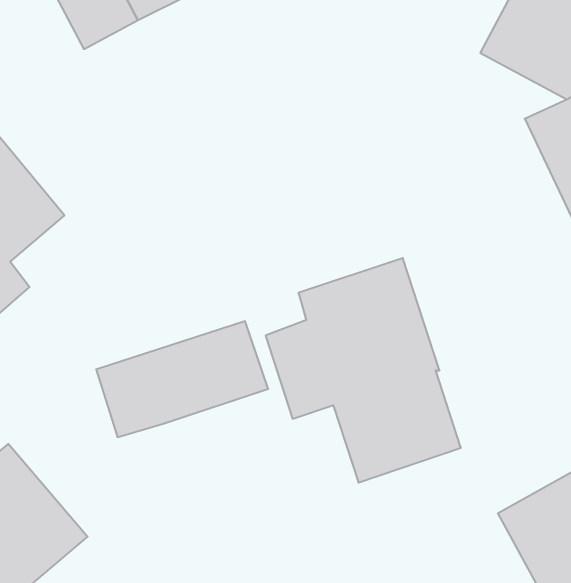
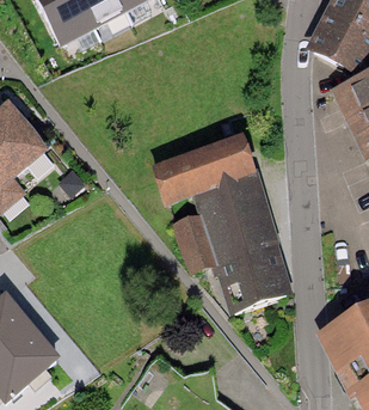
building: [96,321,268,437] -> [152,135,258,207]

